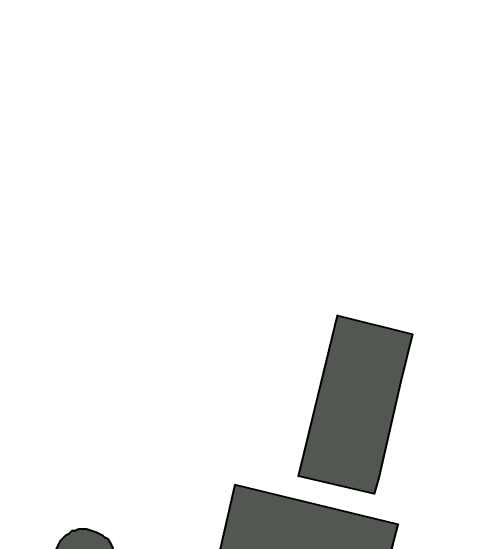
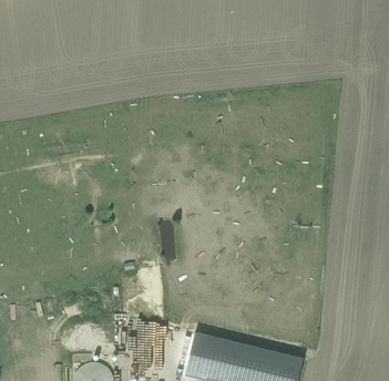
building: [298,315,412,494] -> none

